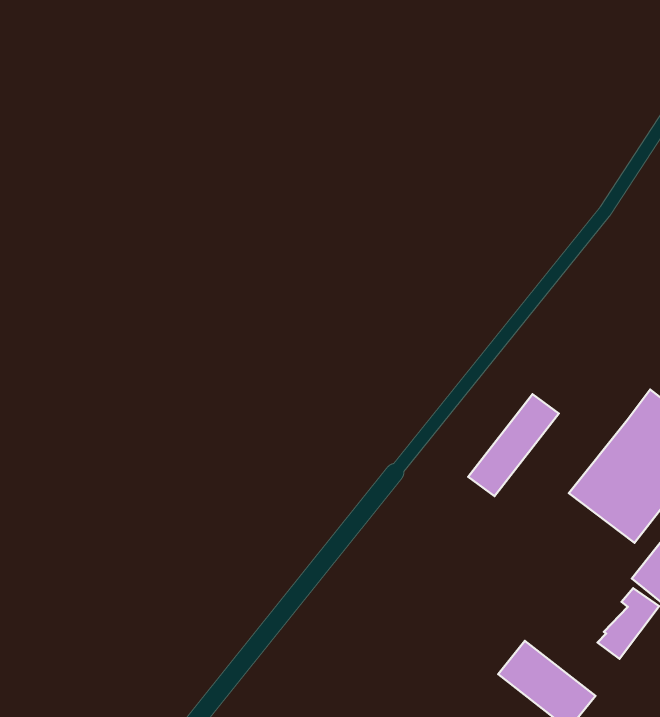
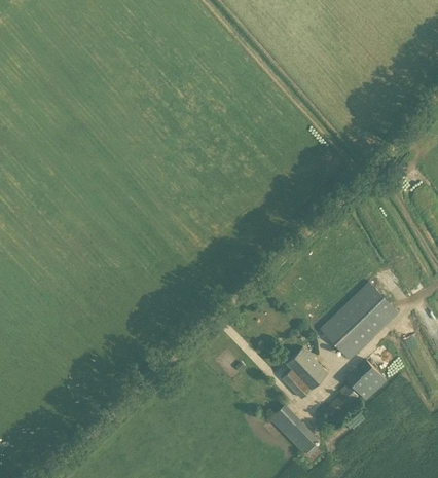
building: [468,394,559,496] -> none
building: none -> [282,348,327,399]

